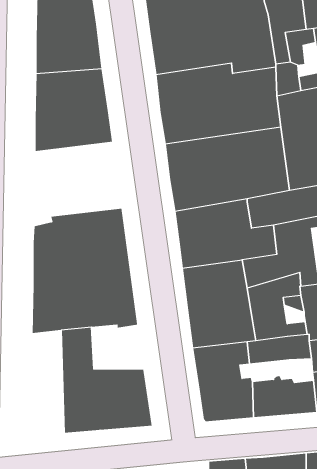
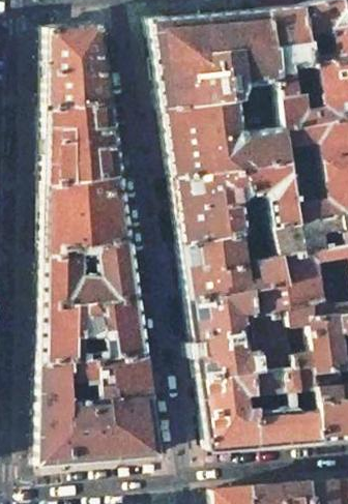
building: none -> [47,175,134,258]
building: none -> [104,354,156,399]
building: none -> [42,360,77,465]

